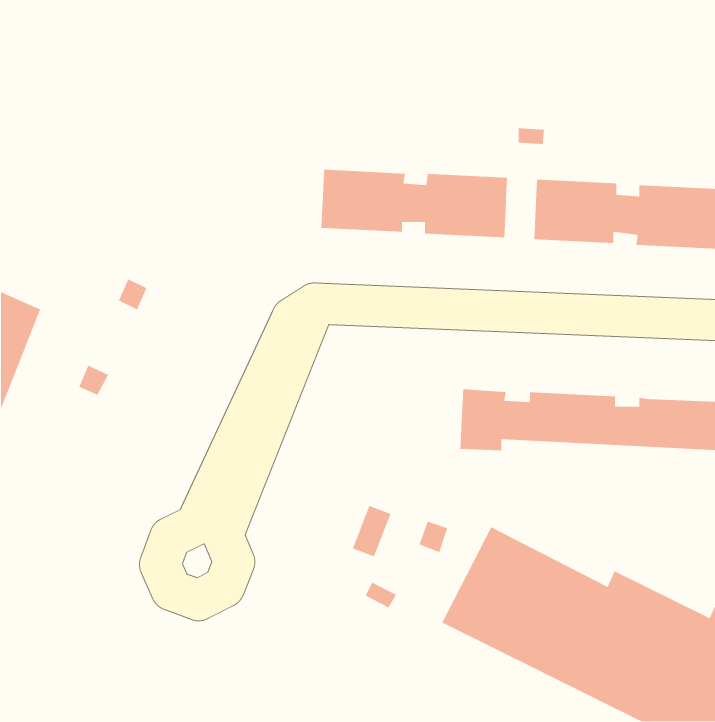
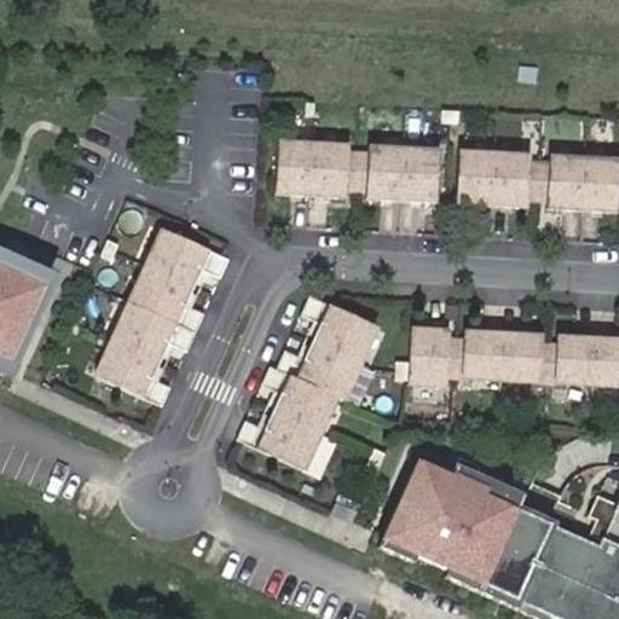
building: none -> [94,230,238,411]
building: none -> [233,297,370,468]

